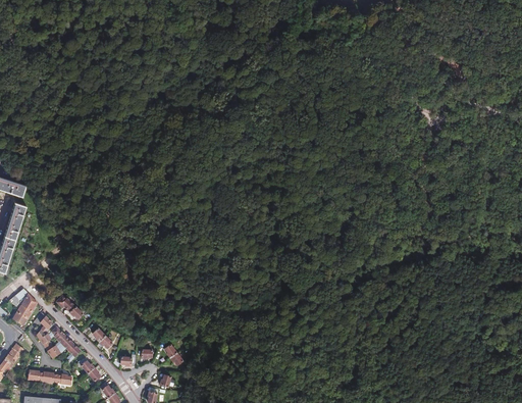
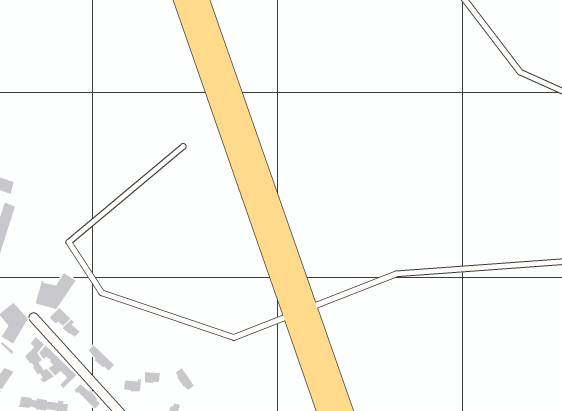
building: none -> [35,272,77,310]

